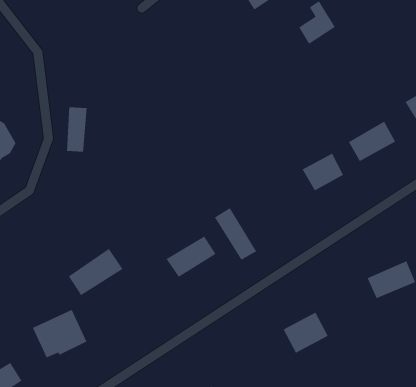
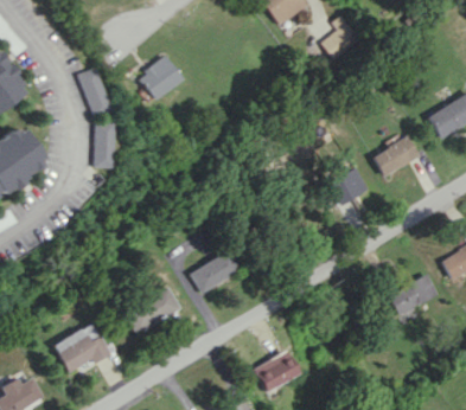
building: none -> [139,55,183,100]
building: none -> [77,68,109,117]
building: [214,207,257,261] -> none
building: [68,248,123,296] -> [126,287,181,335]
building: [283,311,329,354] -> [254,350,300,392]

